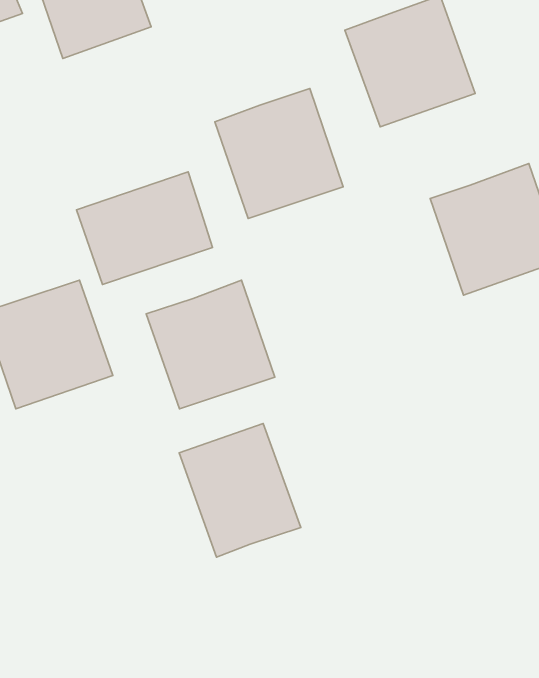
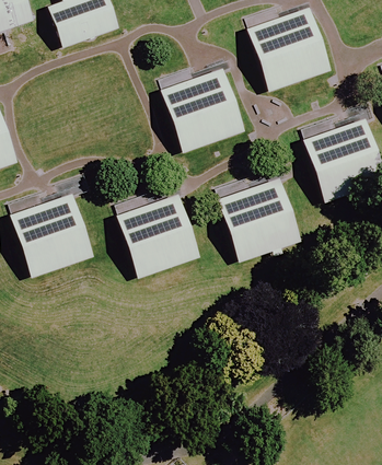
building: [77,172,213,284] -> none
building: none -> [217,176,301,260]
building: [179,423,301,557] -> none

